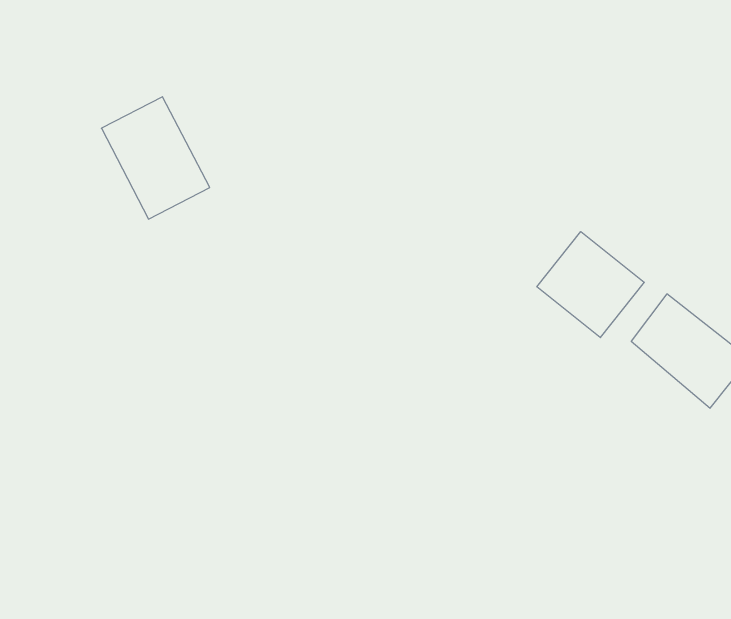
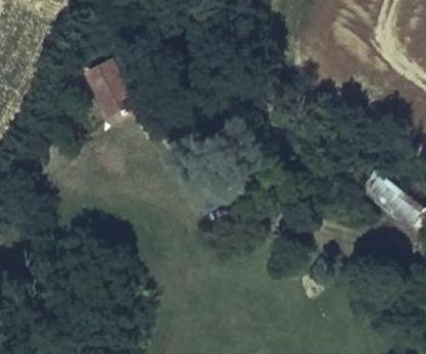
building: [537,232,644,338] -> none

